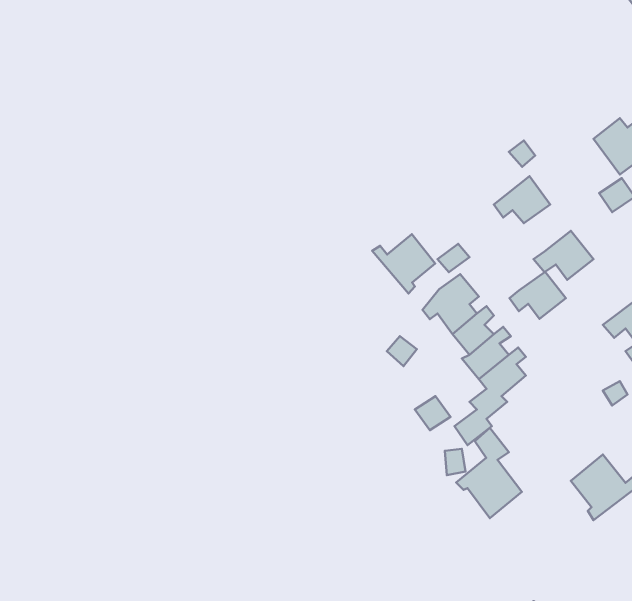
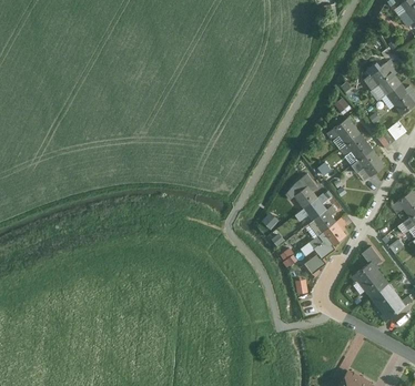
building: none -> [368,61,399,96]
building: [372,234,435,294] -> none
building: [510,272,566,319] -> [337,135,371,163]
building: [456,428,522,518] -> [351,245,389,298]

